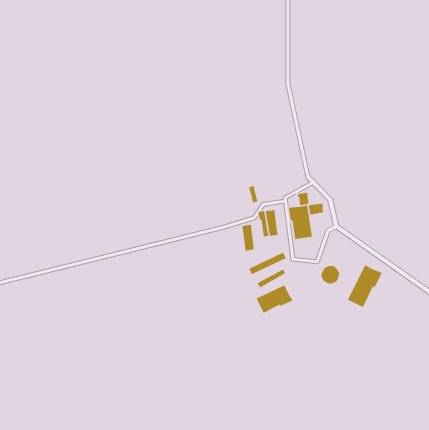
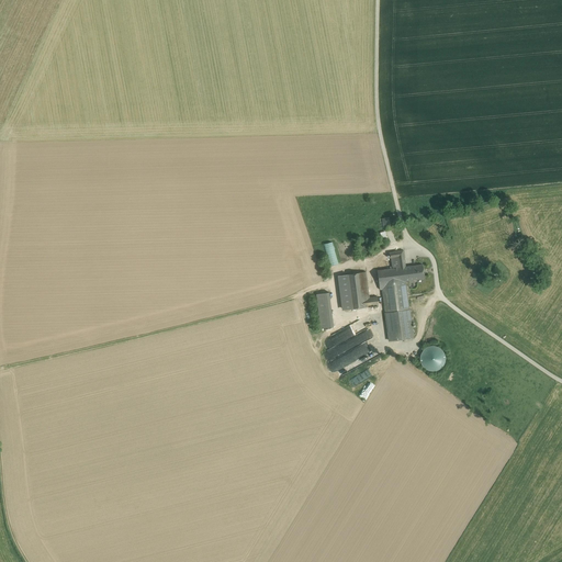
building: none -> [384,310,412,340]
building: [347,264,383,308] -> none
building: [255,284,294,314] -> none

